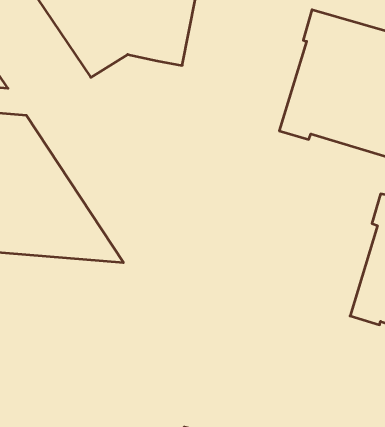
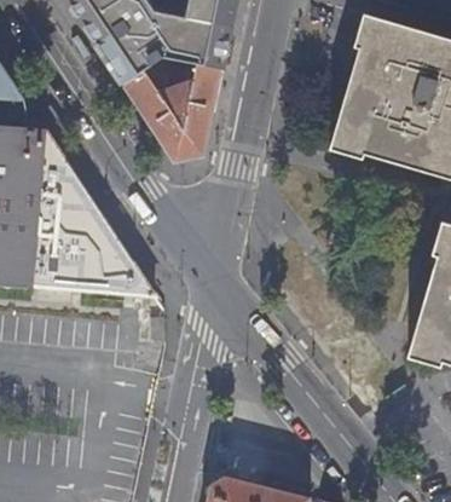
building: none -> [122,70,220,161]

